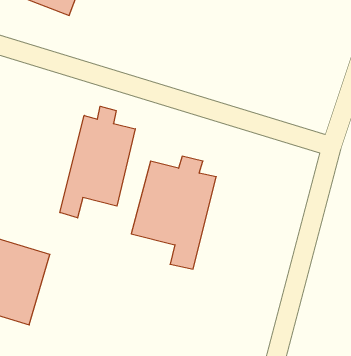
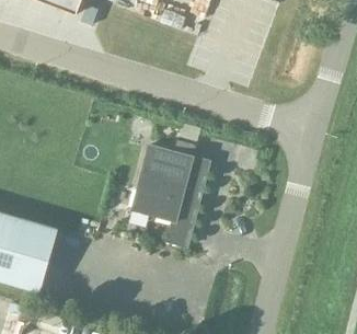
building: [60,106,135,218] -> none

